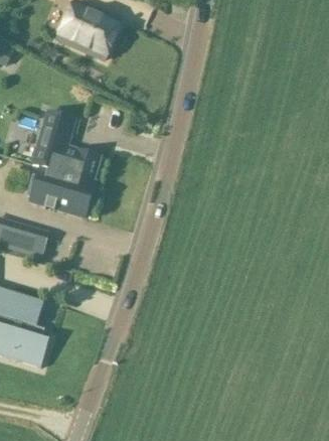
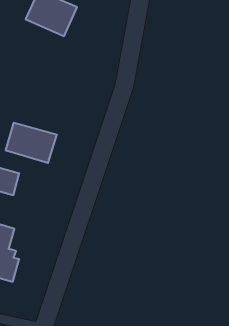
building: [33,111,101,180] -> none

